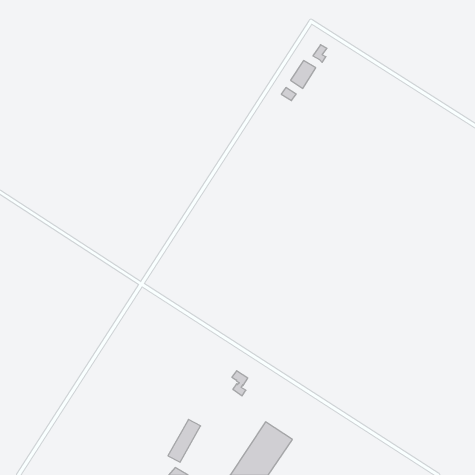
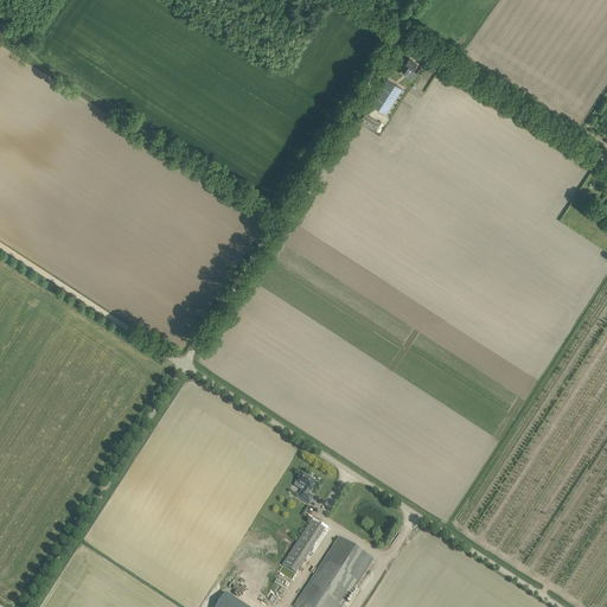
building: [168,419,201,462] -> [283,518,325,573]

